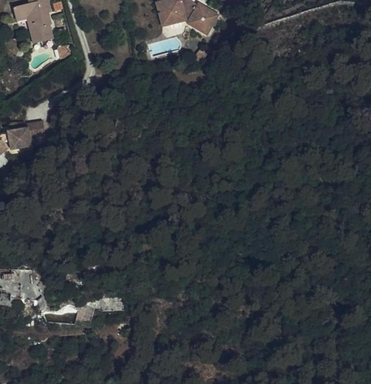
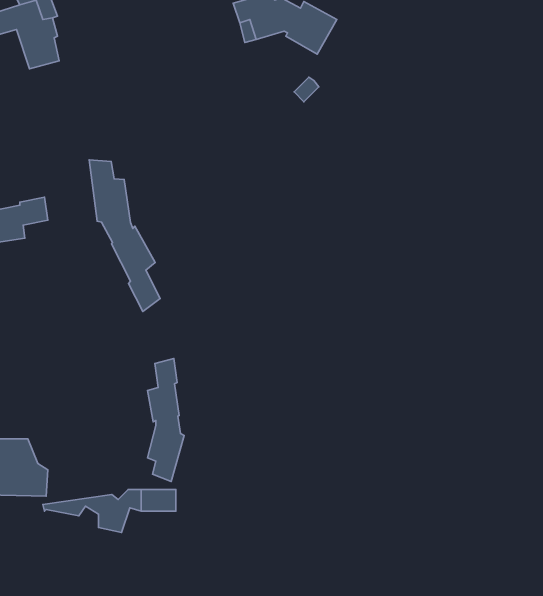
building: none -> [89,160,160,312]
building: none -> [147,359,184,482]

